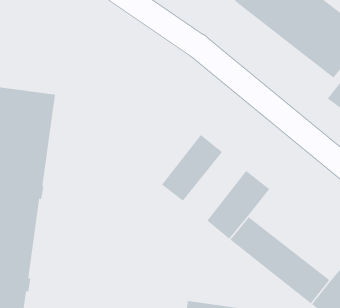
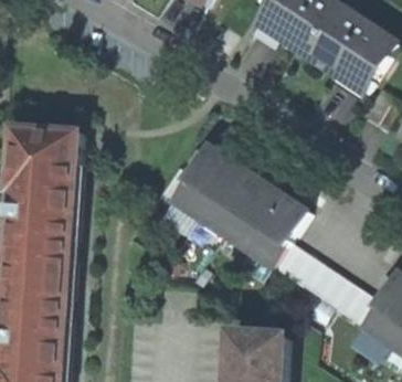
building: none -> [167,141,229,213]
building: none -> [216,174,278,246]

